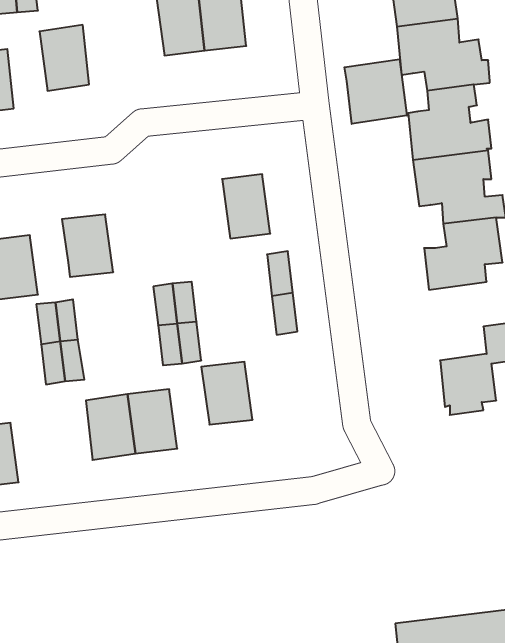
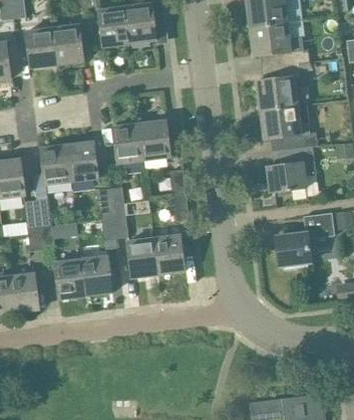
building: none -> [53,23,84,63]
building: [344,59,407,124] -> none
building: none -> [113,123,145,163]
building: none -> [67,141,98,181]
building: none -> [154,233,185,273]
building: none -> [8,271,39,312]

